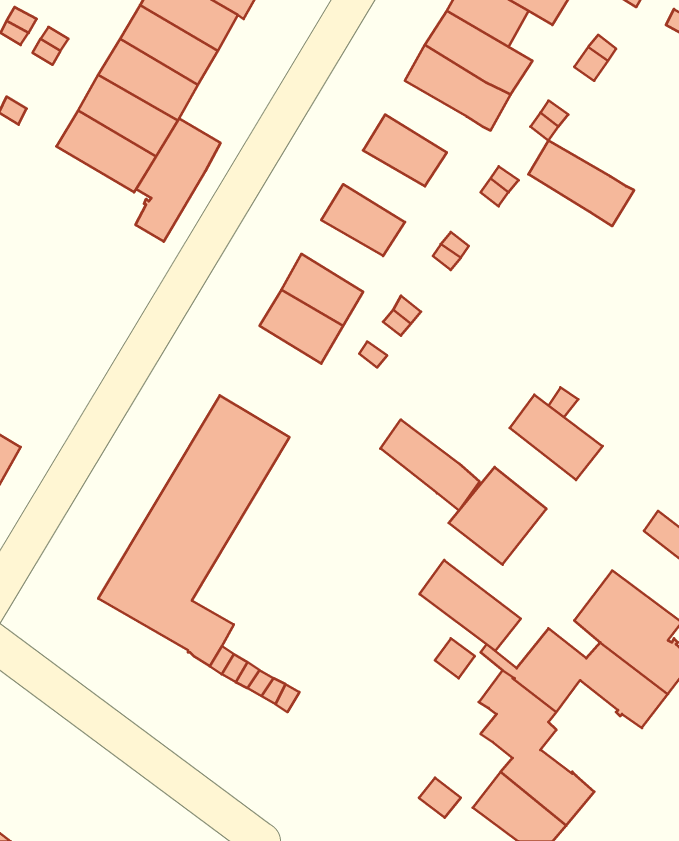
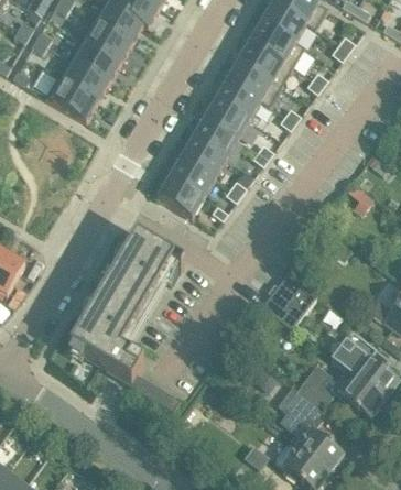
building: [136,118,220,242] -> none
building: [528,140,634,226] -> [226,61,284,108]
building: none -> [203,99,248,139]
building: none -> [180,138,225,177]
building: [510,395,603,480] -> none
building: [380,420,479,510] -> none
building: [420,560,521,651] -> none

